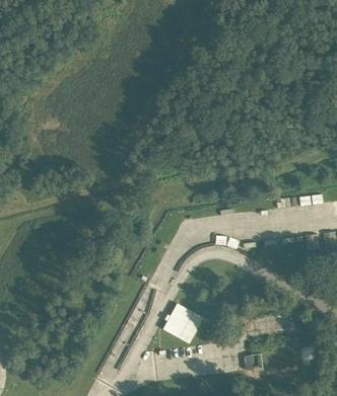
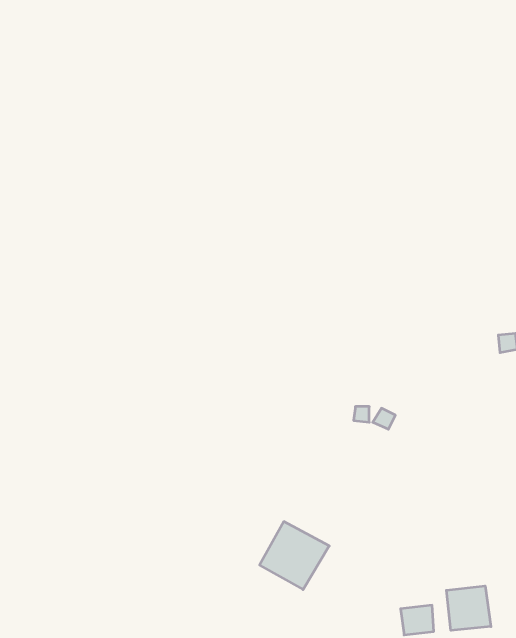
building: none -> [446,586,491,630]

